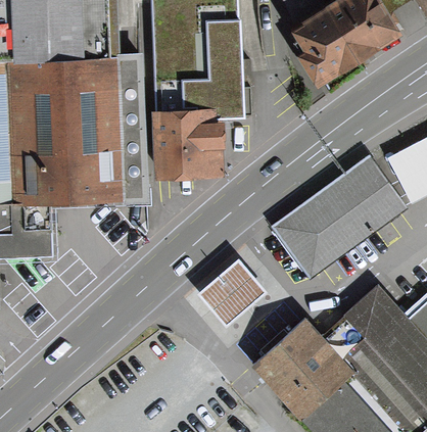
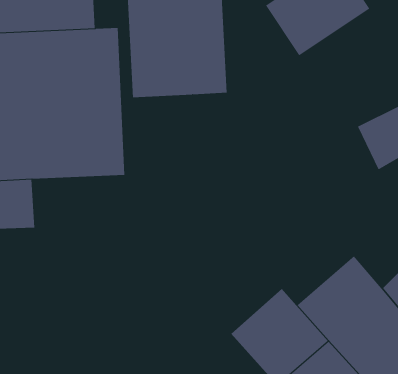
building: [151,123,217,179] -> none
building: [267,155,400,279] -> none
building: [200,252,266,317] -> none

